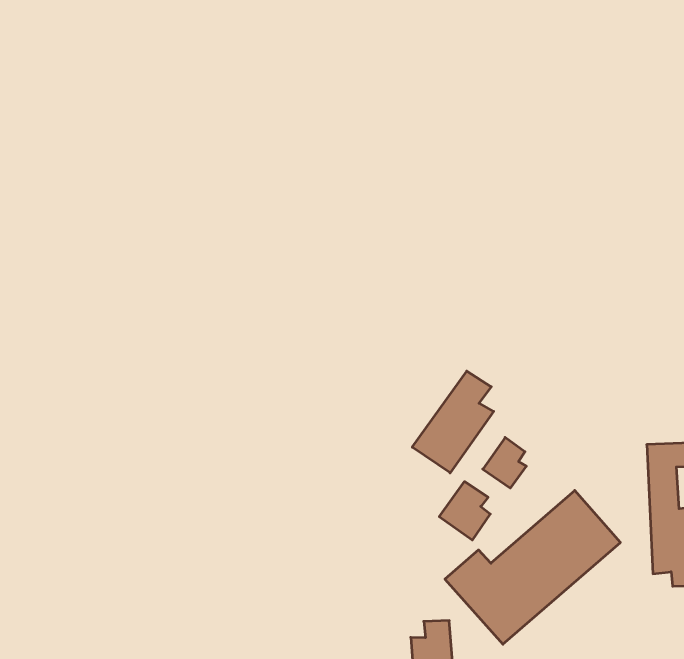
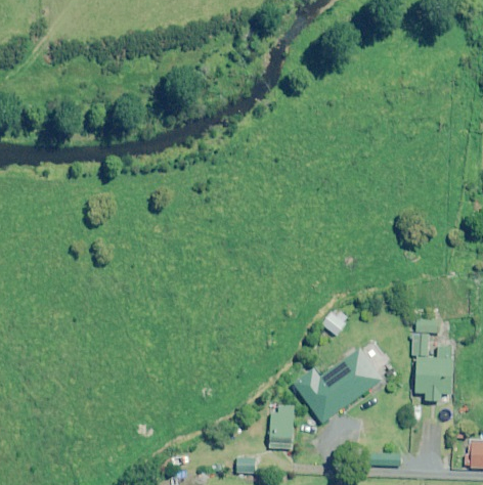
building: [412,371,494,473] -> none
building: [439,482,490,540] -> none

